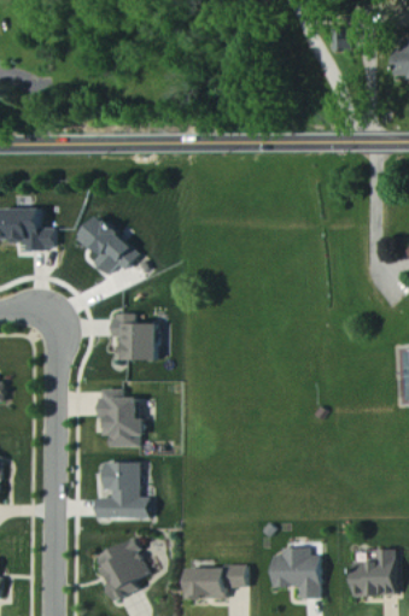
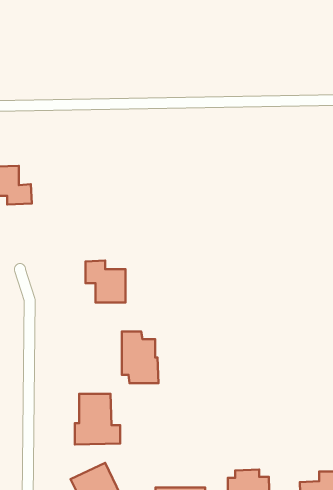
building: [74,215,136,274] -> none
building: [100,388,141,446] -> [122,332,158,383]

